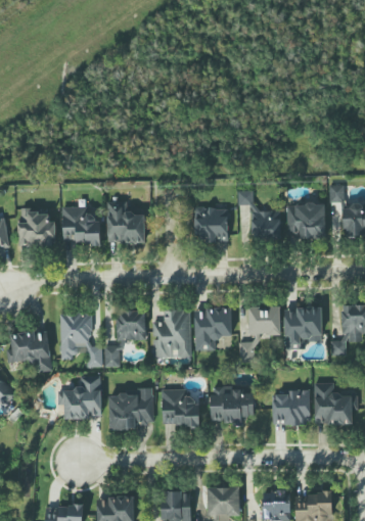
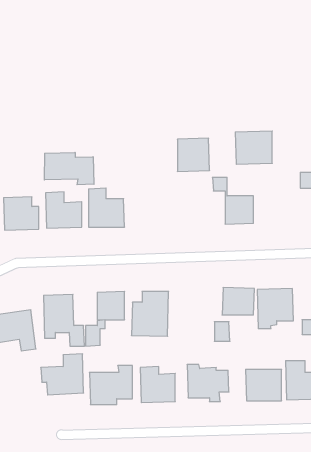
building: none -> [44,152,94,185]
building: [286,203,325,238] -> [235,131,272,164]
building: [194,206,228,241] -> [177,138,210,171]
building: [194,307,232,350] -> none

